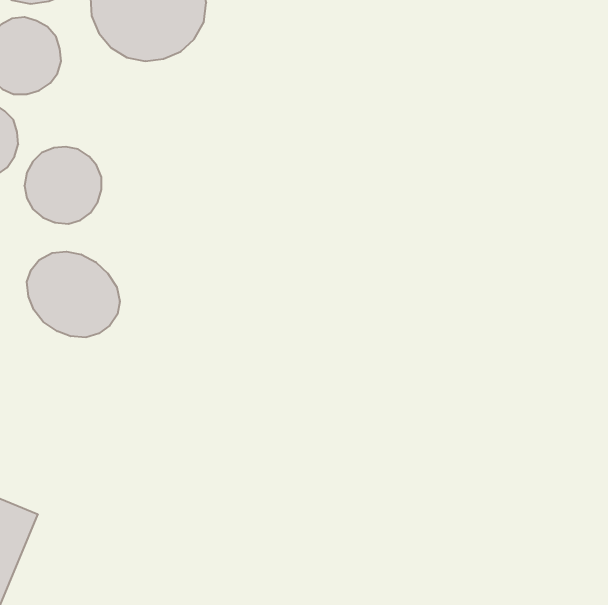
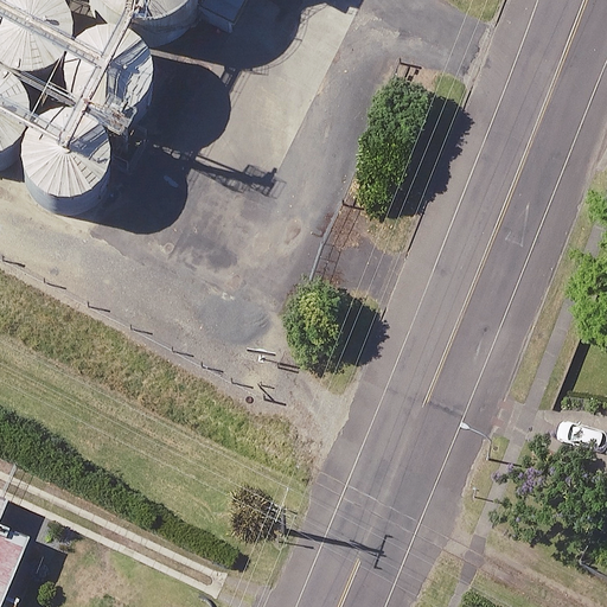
building: none -> [68,55,142,129]
building: [27,252,120,337] -> none

